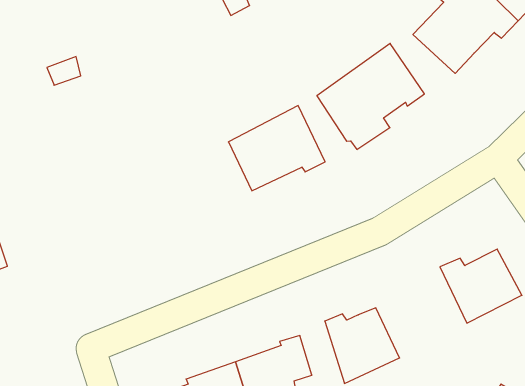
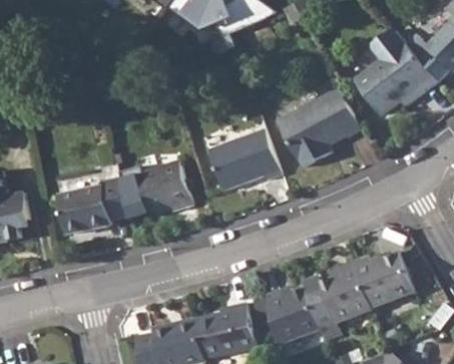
building: none -> [131,161,192,215]
building: none -> [52,178,125,237]
building: none -> [302,263,373,341]

